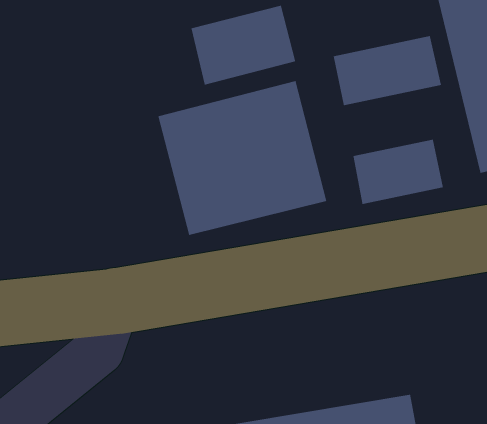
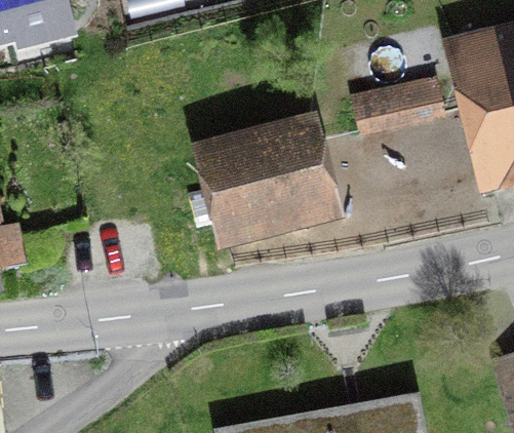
building: [191,5,296,85] -> none
building: [353,139,443,205] -> none

